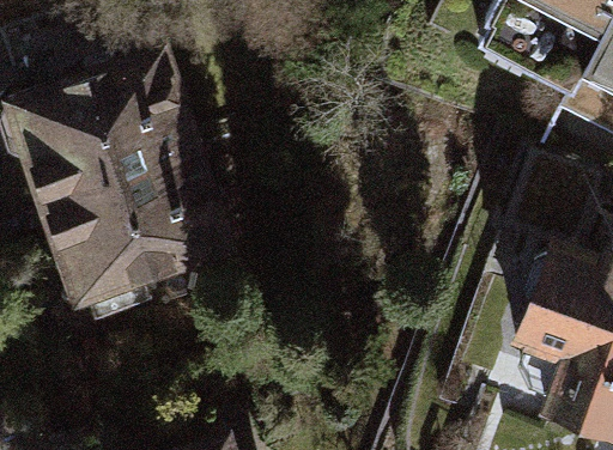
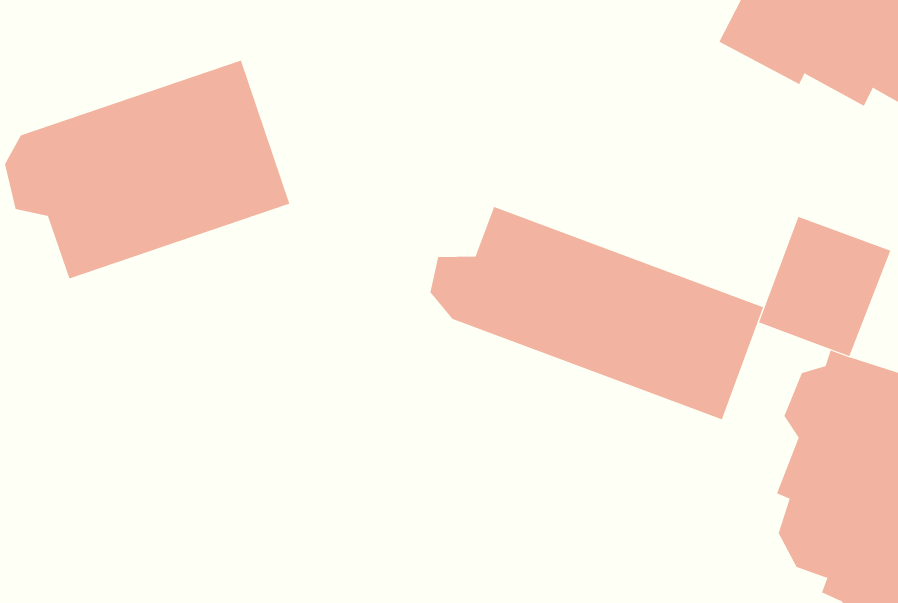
building: [48,148,229,316] -> none
building: none -> [430,206,764,420]

